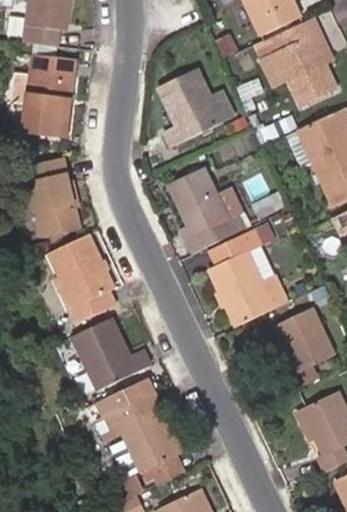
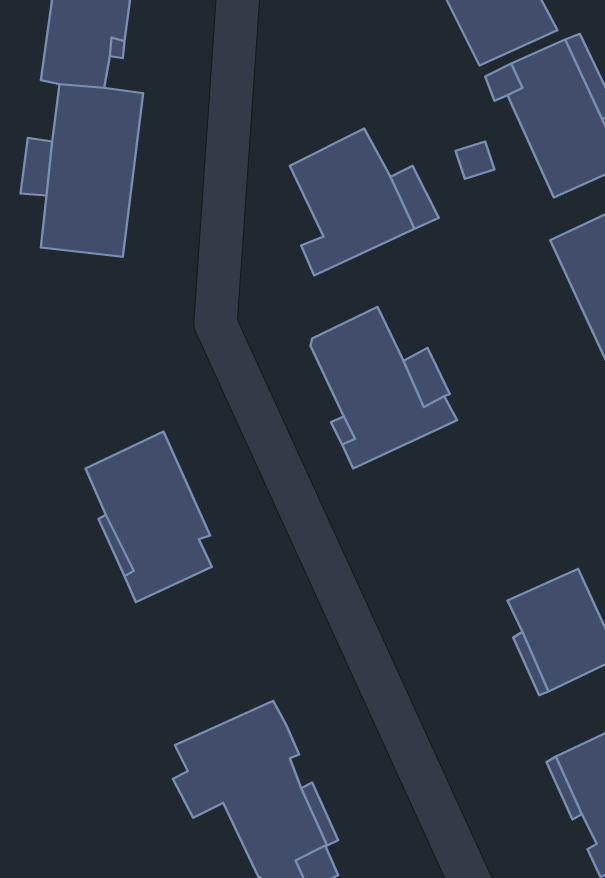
building: [26,162,79,237] -> none
building: [208,230,287,327] -> none
building: [71,318,150,391] -> none

